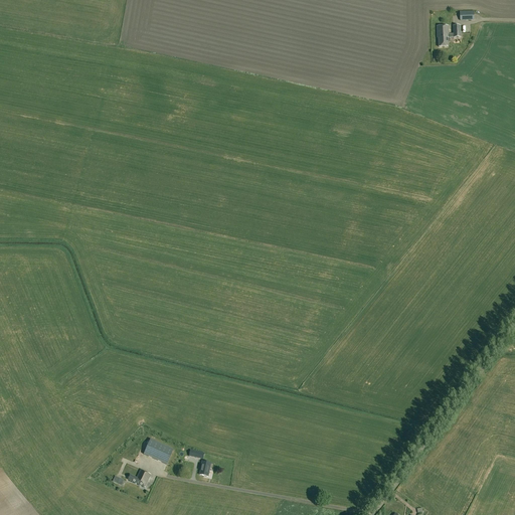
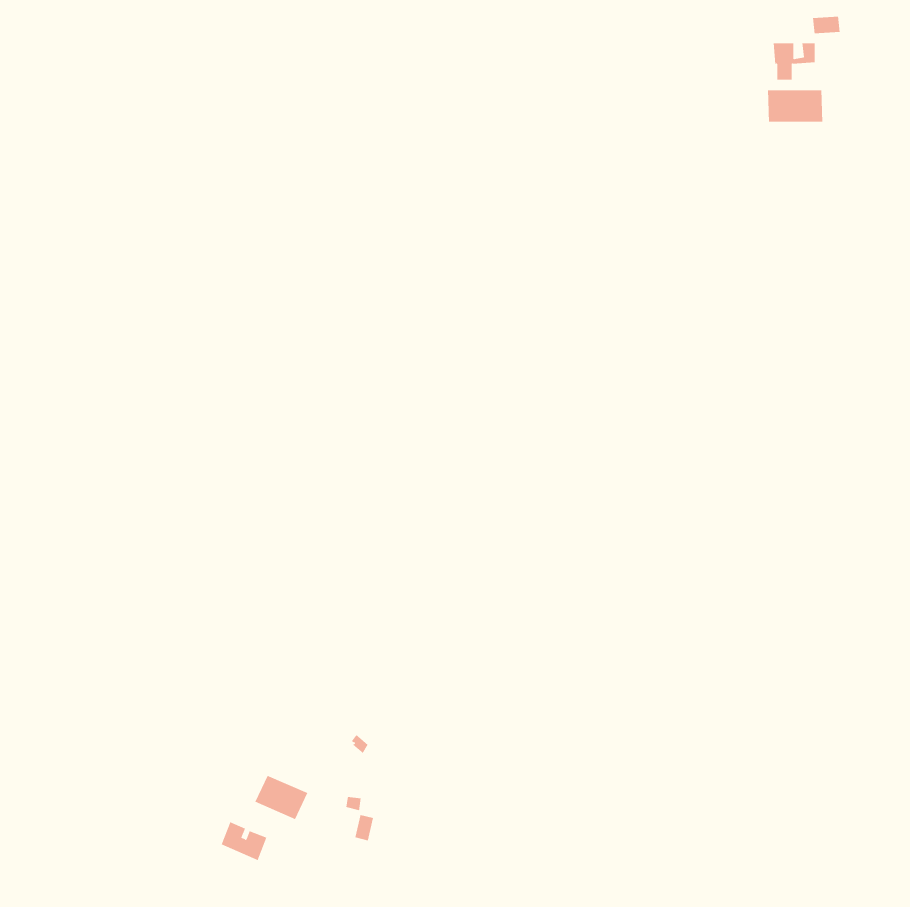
building: none -> [767,89,823,122]

